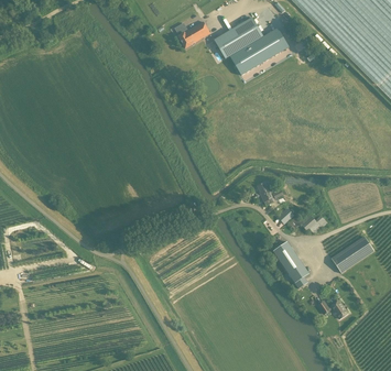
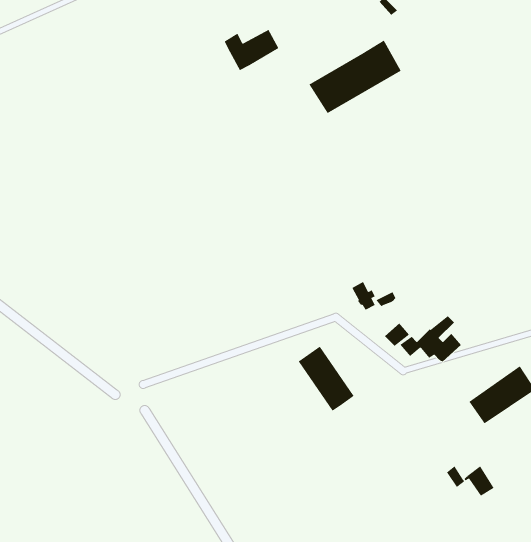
building: [214,17,262,58] -> none
building: [272,241,308,283] -> [298,346,355,411]

